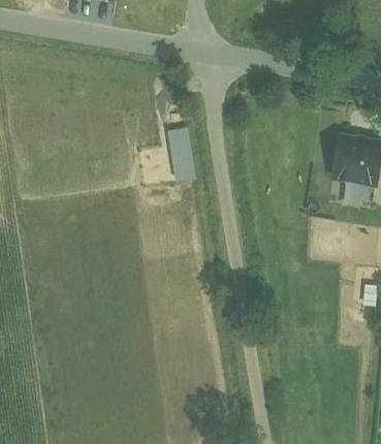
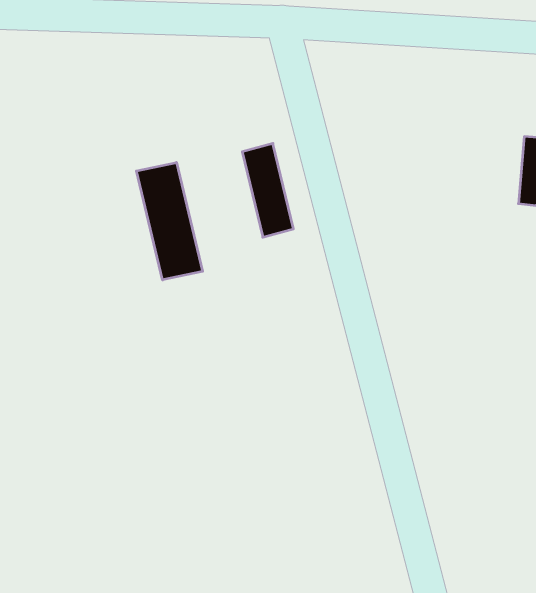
building: none -> [136,162,203,280]

